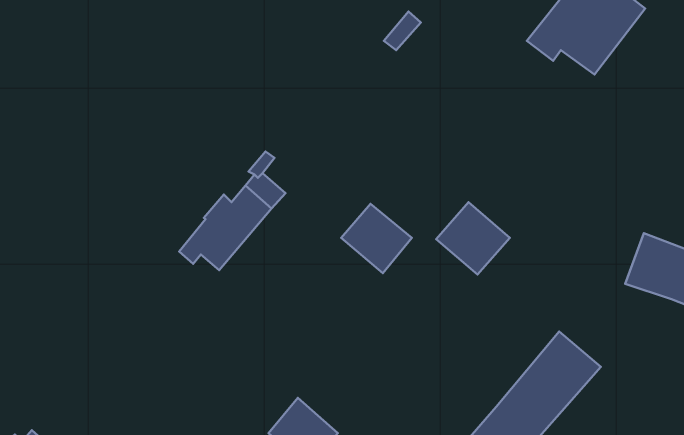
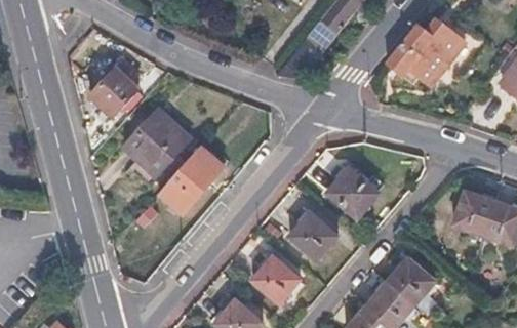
building: none -> [90,63,135,117]
building: none -> [124,111,190,177]
building: [341,204,412,273] -> [289,215,336,261]
building: none -> [251,257,299,304]

